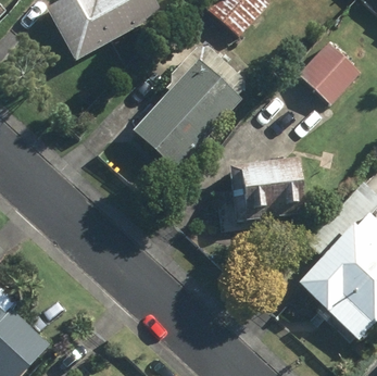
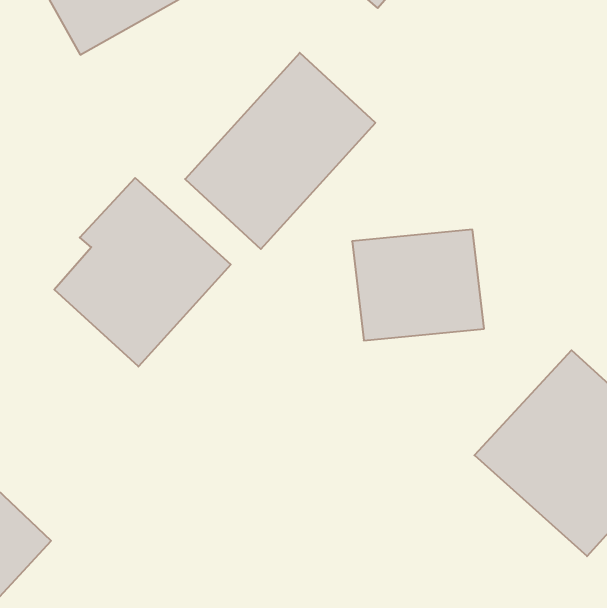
building: [299,42,361,103] -> none
building: none -> [54,178,231,367]

